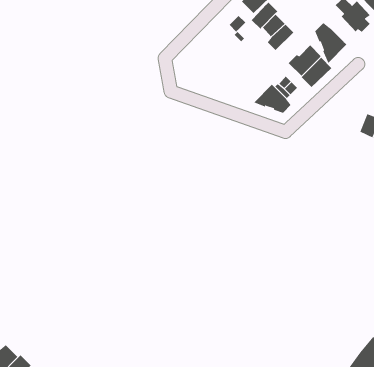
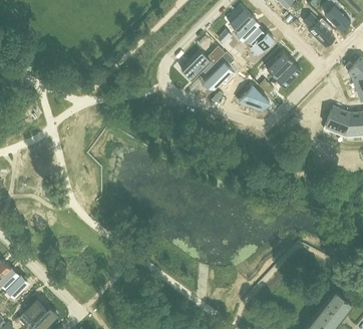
building: [315,22,347,64] -> none
building: none -> [182,46,225,80]
building: none -> [204,62,232,88]

